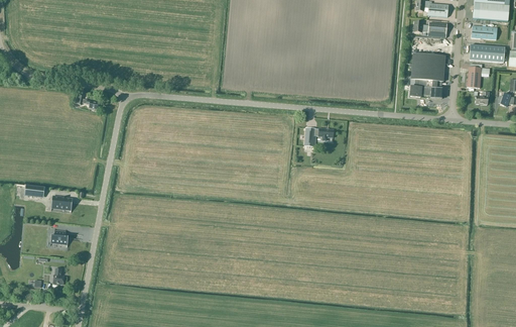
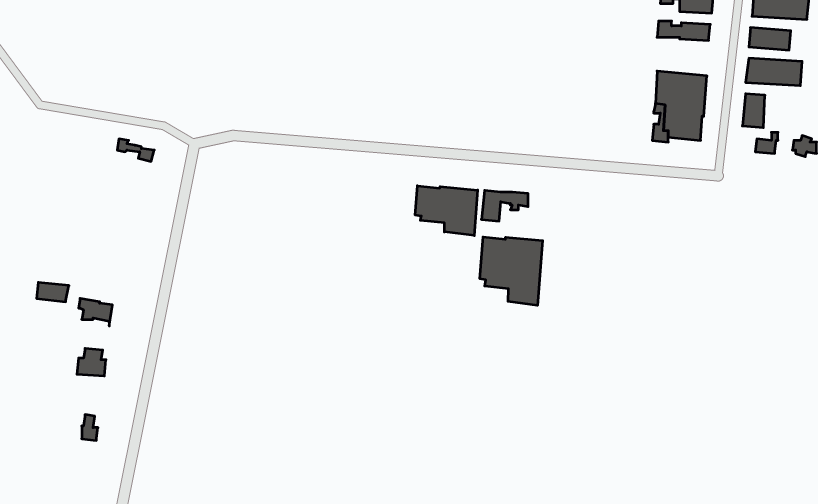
building: none -> [415,186,478,236]
building: none -> [480,237,543,305]

